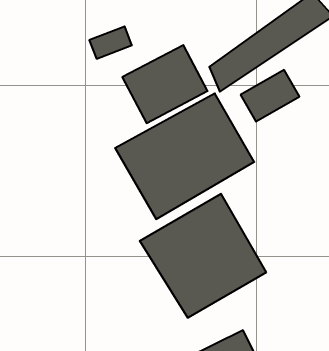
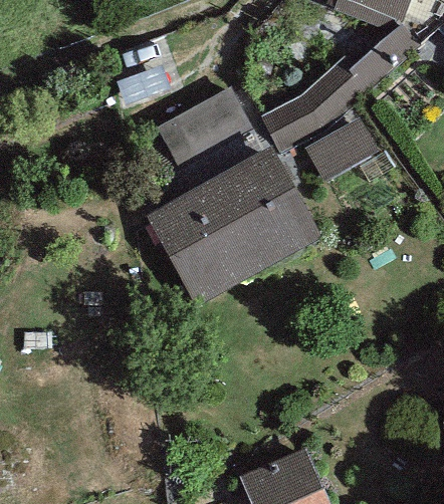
building: [140,194,266,318] -> none

